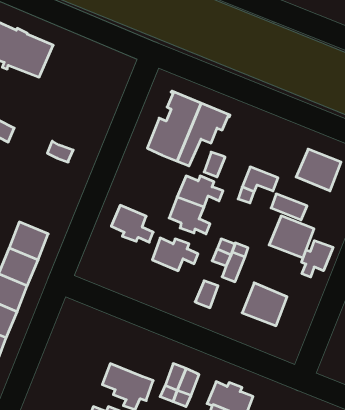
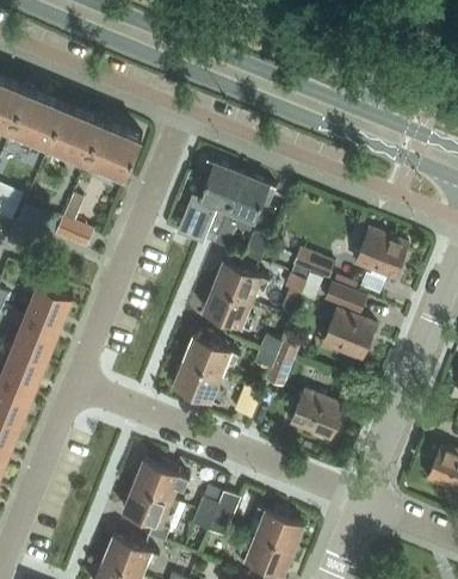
building: none -> [48,105,141,175]
building: none -> [24,284,72,331]
building: [111,205,153,242] -> [172,362,222,406]
building: [302,241,333,277] -> none
building: none -> [132,461,187,501]

